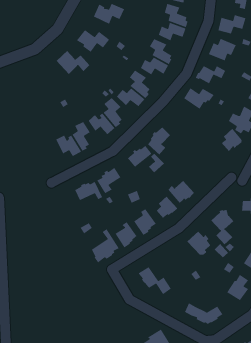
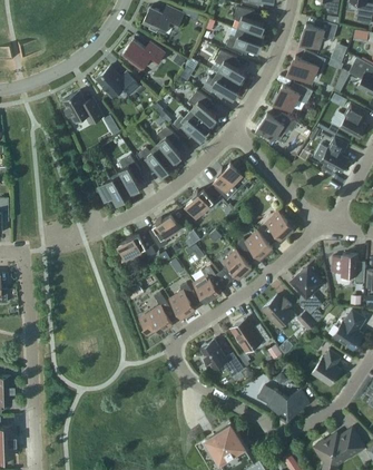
building: none -> [63,90,104,124]
building: [221,128,243,152] -> [265,212,293,242]
building: none -> [233,319,271,351]

